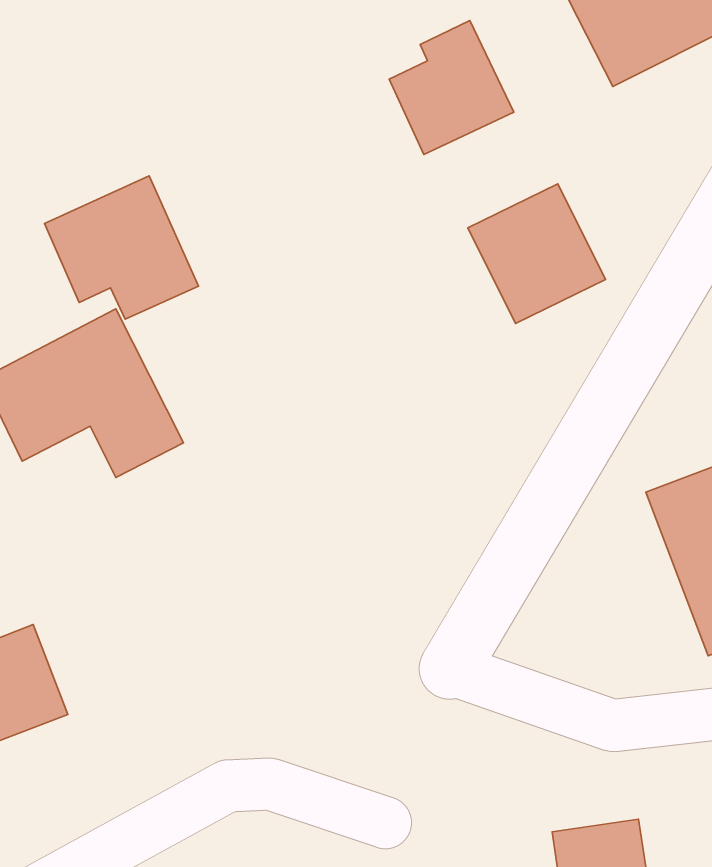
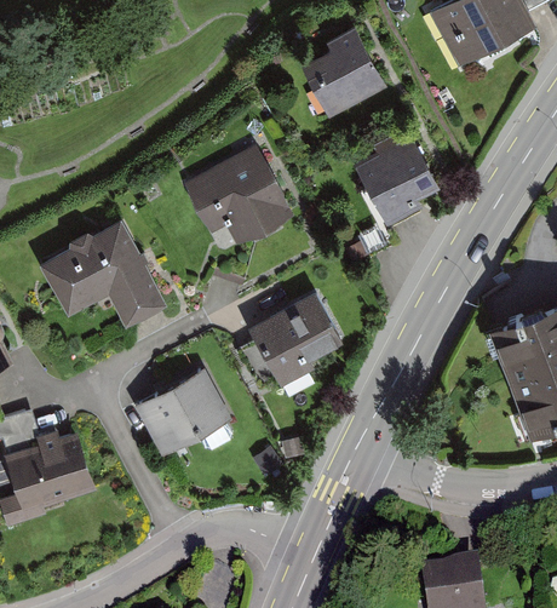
building: [44,176,199,319] -> [189,150,291,245]
building: none -> [248,288,339,385]
building: none -> [133,372,234,460]

